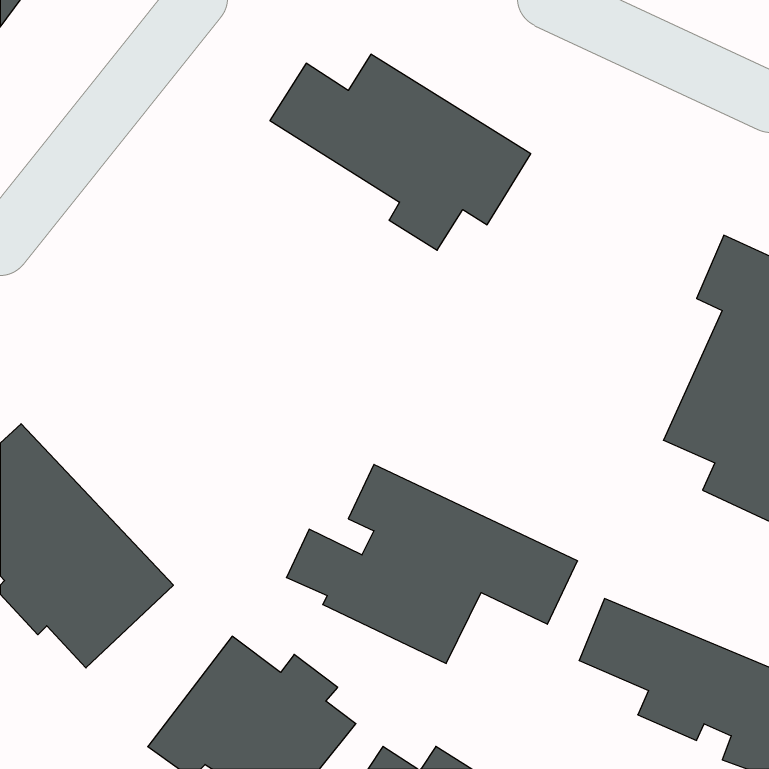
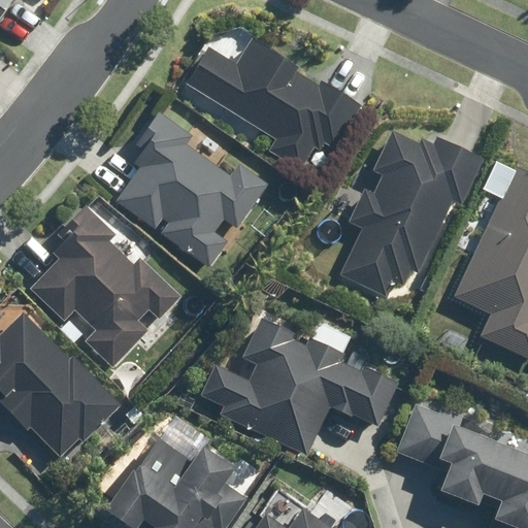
building: none -> [116,111,267,267]
building: none -> [341,130,486,295]
building: none -> [30,204,185,367]

